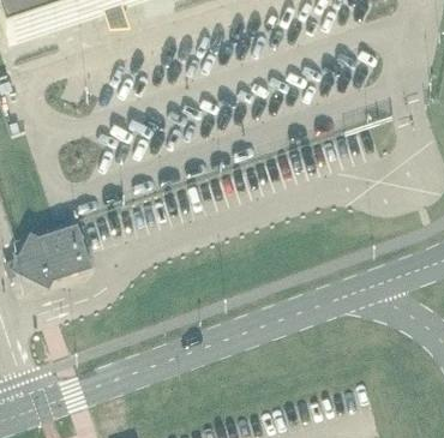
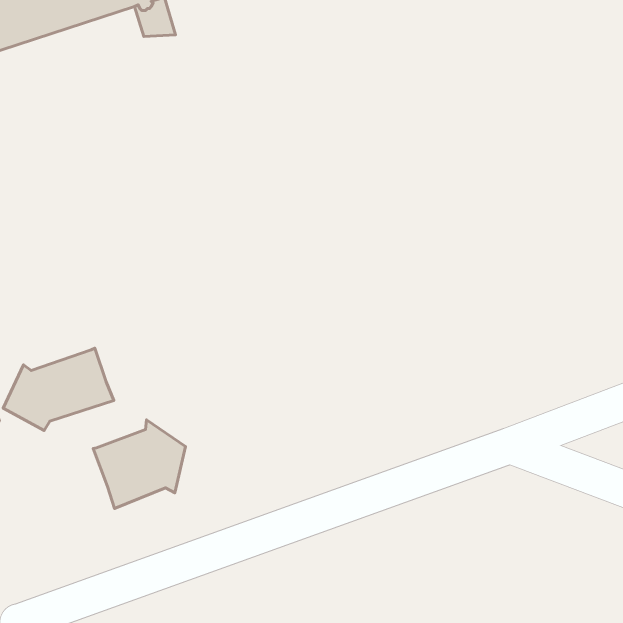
building: none -> [93,420,185,508]

